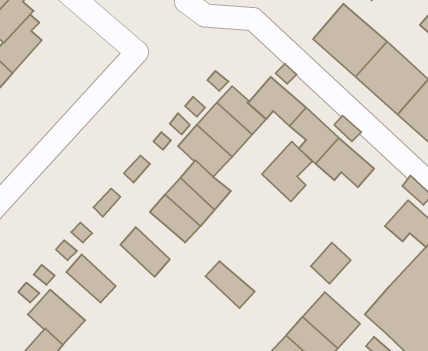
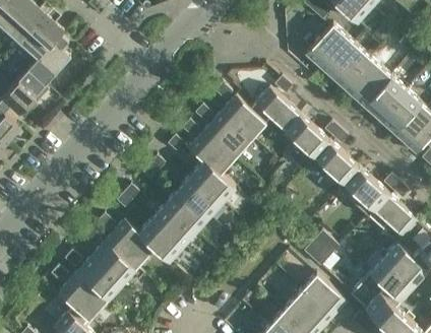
building: [262,142,312,201] -> none
building: none -> [344,168,387,217]
building: none -> [105,220,153,269]
building: [205,261,255,308] -> [151,205,194,246]
building: none -> [77,257,121,298]

